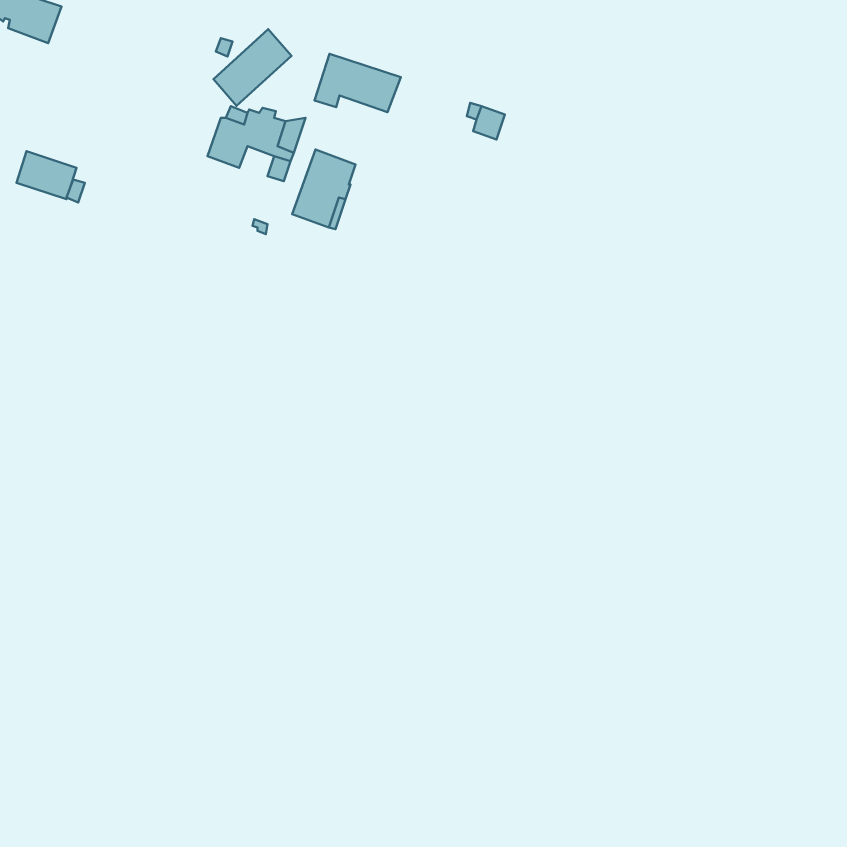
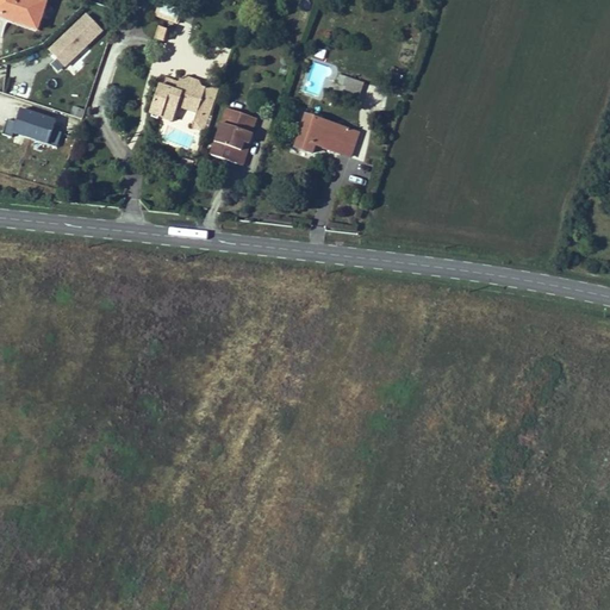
building: [213,29,291,106] -> [46,11,102,66]
building: [314,54,401,112] -> [295,114,357,156]

